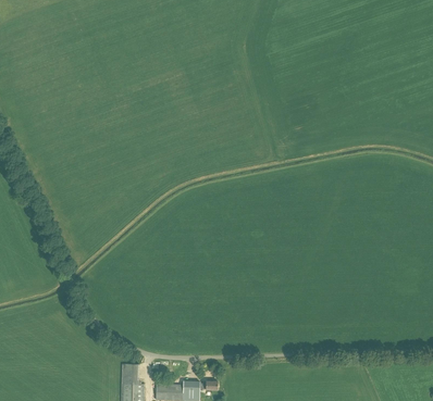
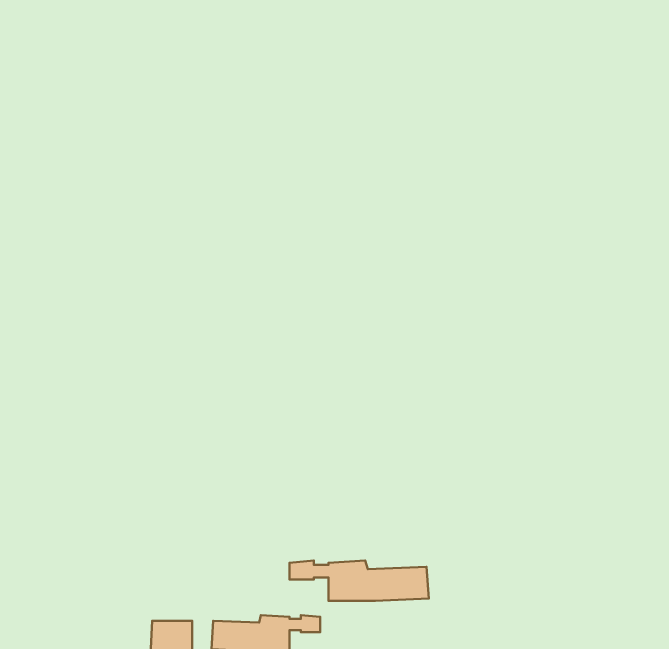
building: none -> [289,561,429,601]

